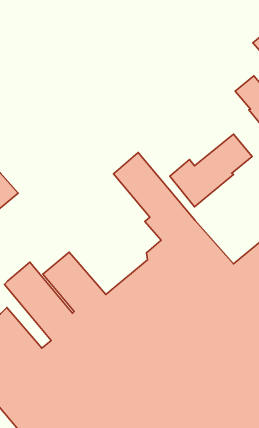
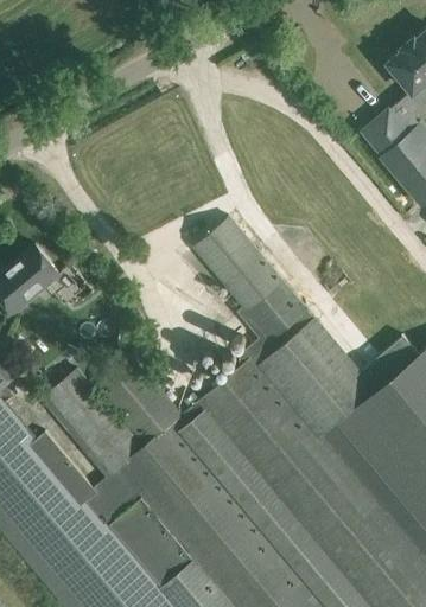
building: [170,134,252,207] -> none

